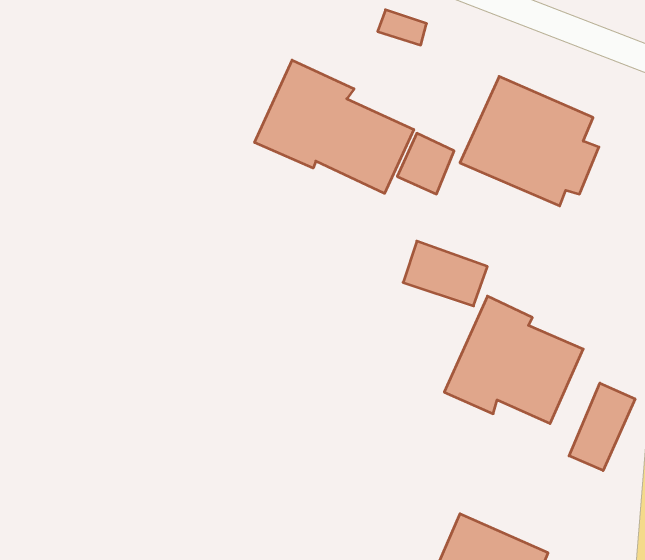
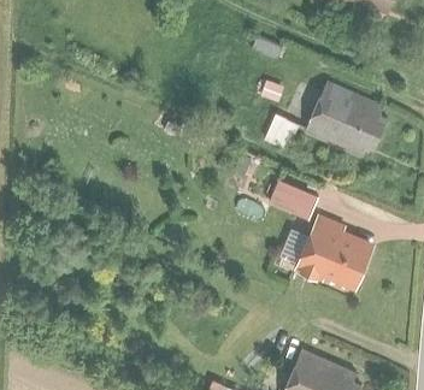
building: [255,60,414,193] -> none
building: [569,383,635,471] -> none

